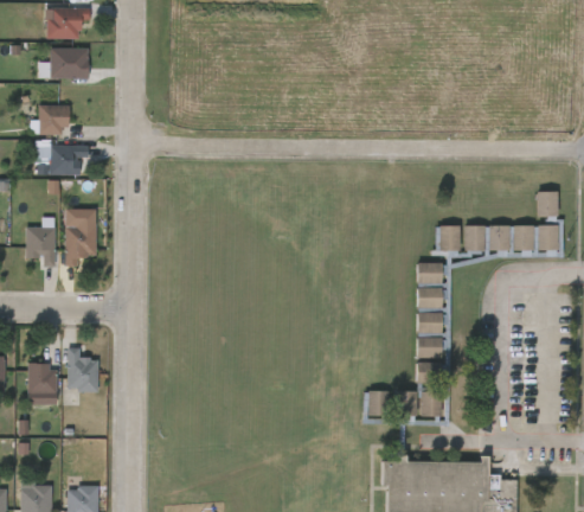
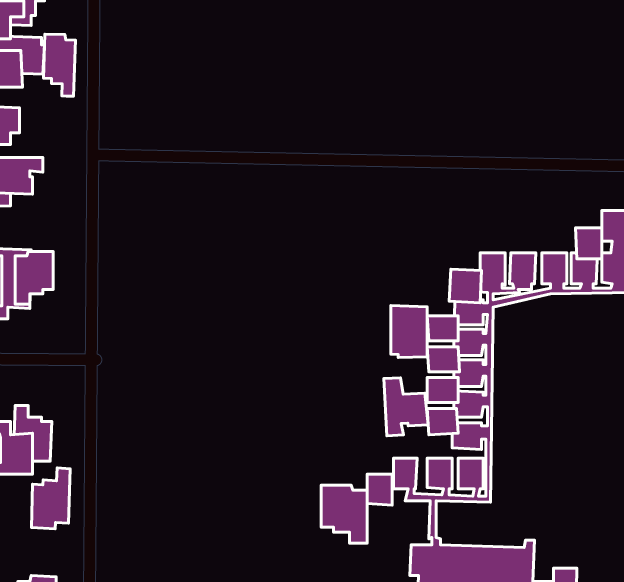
building: none -> [43,34,75,96]
building: none -> [391,306,427,357]
building: none -> [384,378,428,436]
building: none -> [32,468,70,529]
building: none -> [321,485,367,543]

